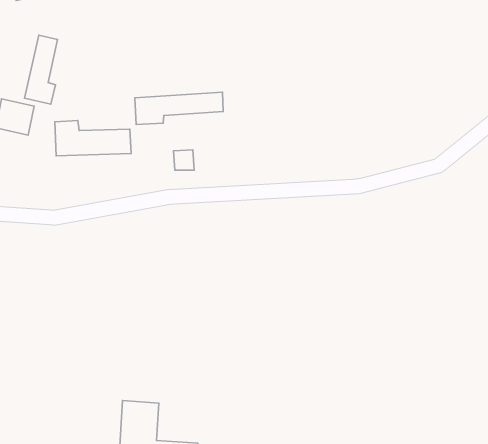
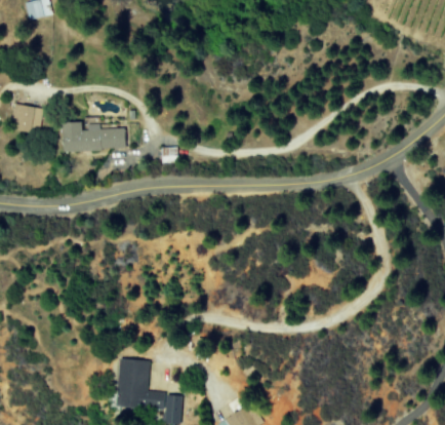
building: [25,35,57,104] -> none
building: [135,92,223,125] -> none

